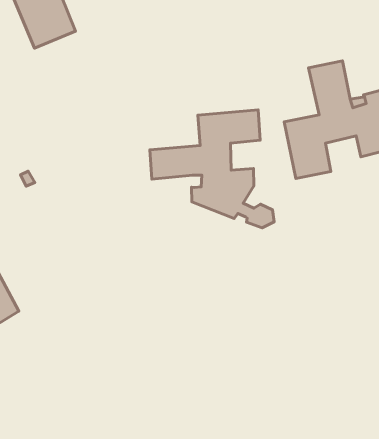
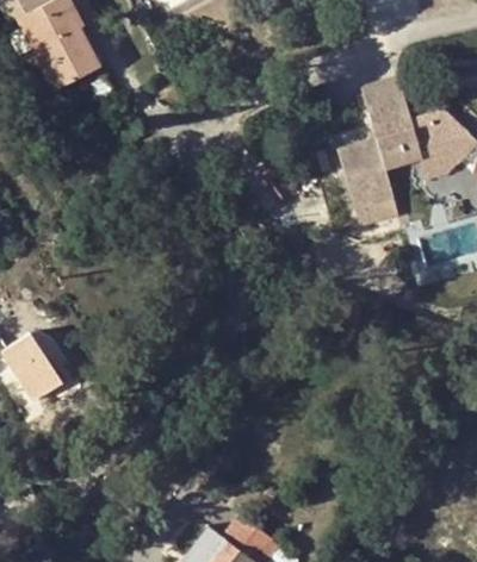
building: [150,110,274,228] -> none

